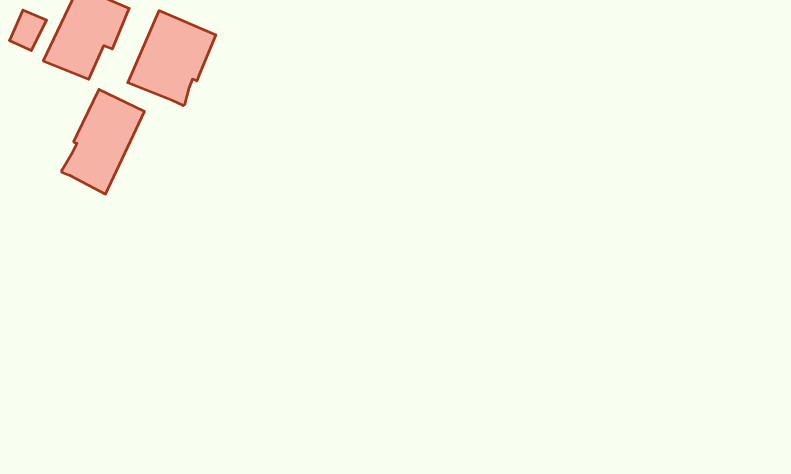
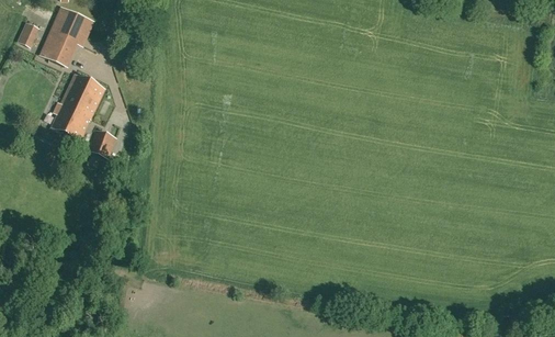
building: [128,11,216,106] -> none
building: none -> [87,128,117,159]

